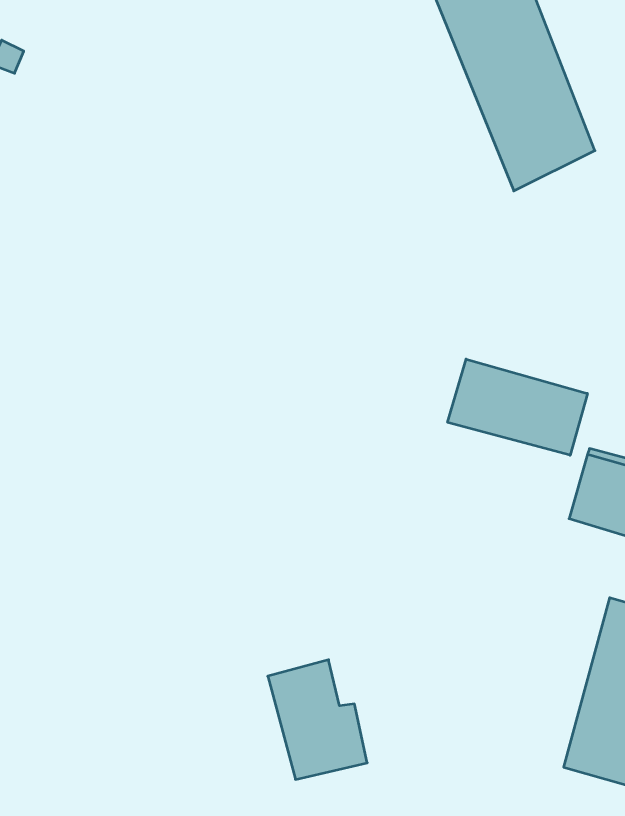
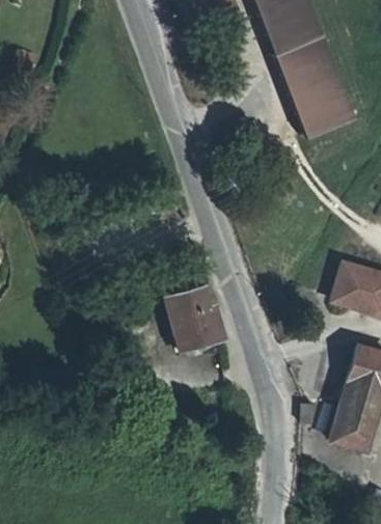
building: [448,359,587,455] -> none
building: [268,660,367,779] -> [164,291,220,358]

